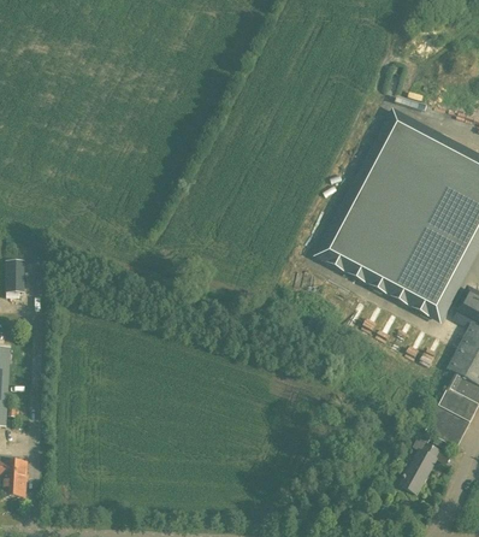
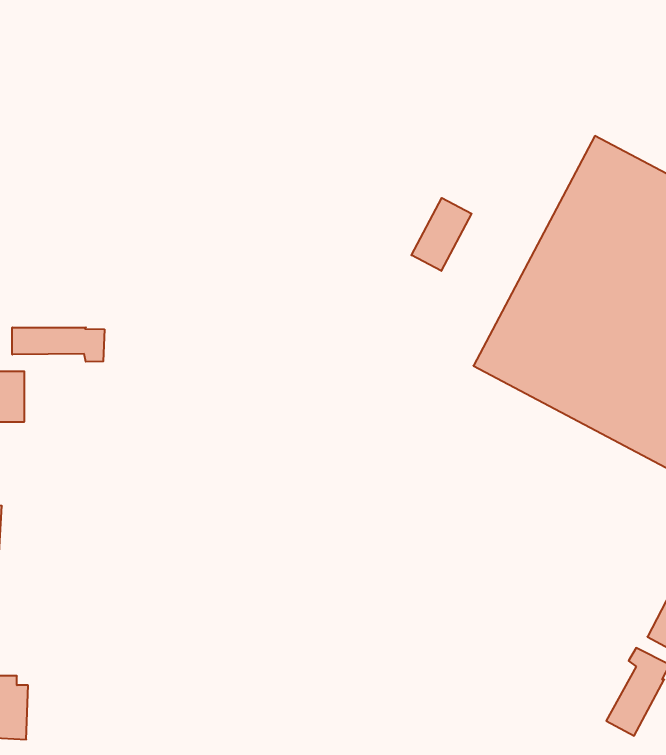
building: none -> [411,198,472,271]
building: none -> [12,327,104,362]

